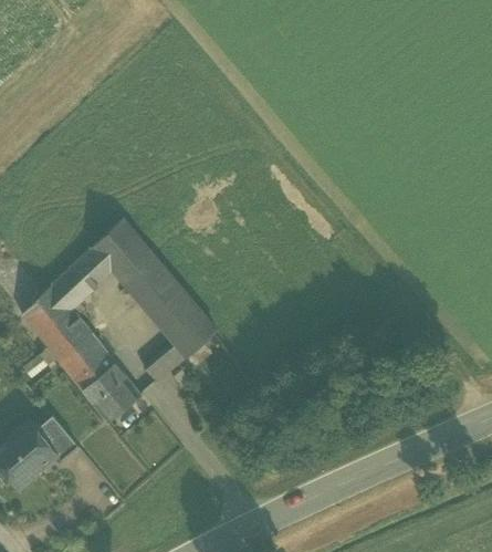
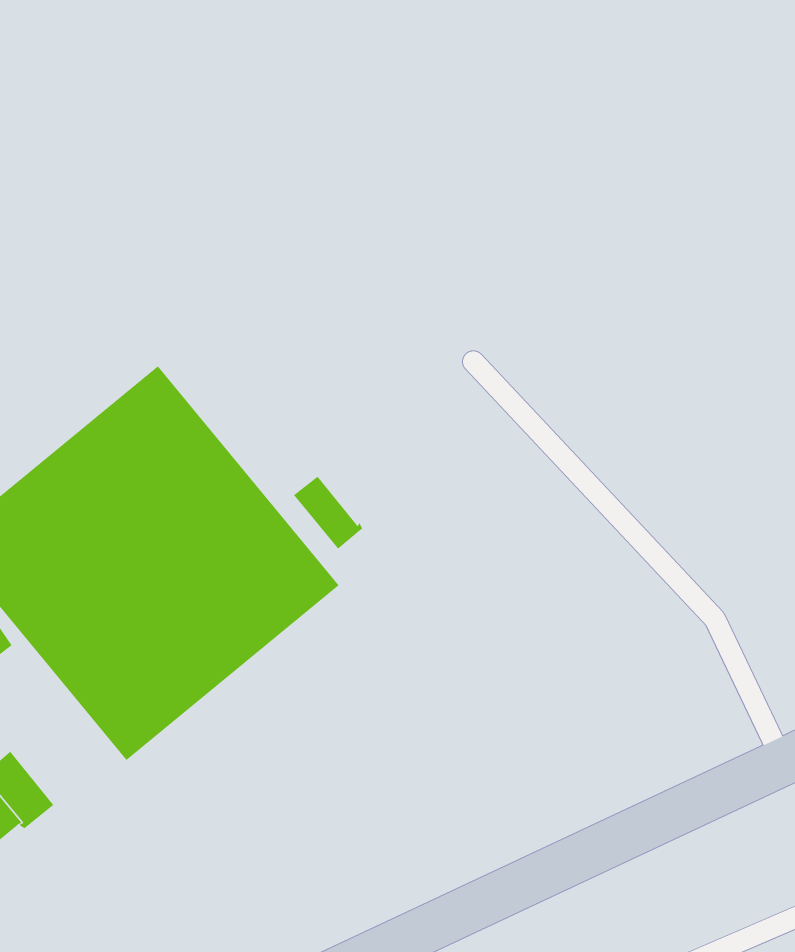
building: none -> [293,476,363,549]

